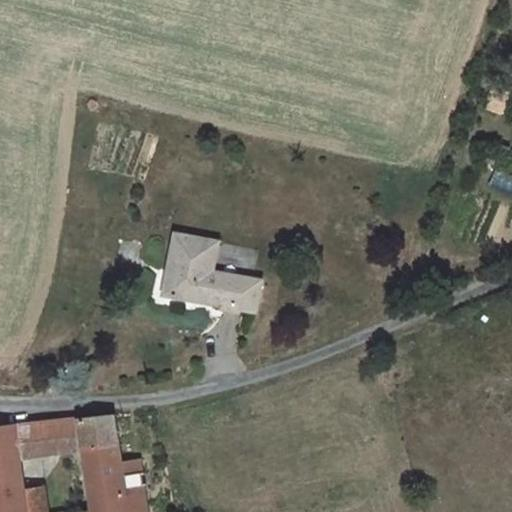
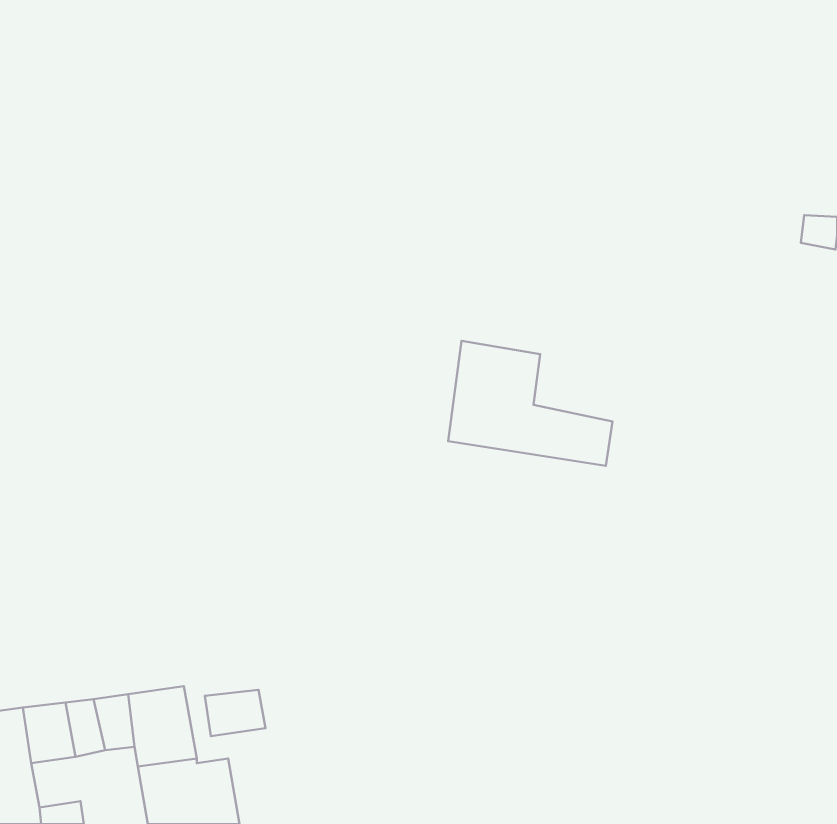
building: [161,232,261,308] -> [448,341,612,466]
building: none -> [205,690,265,736]

